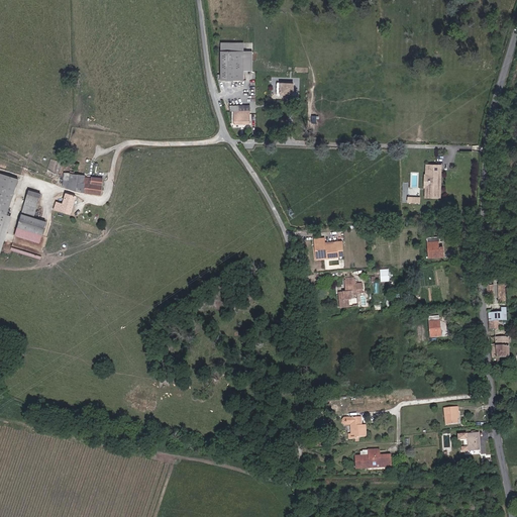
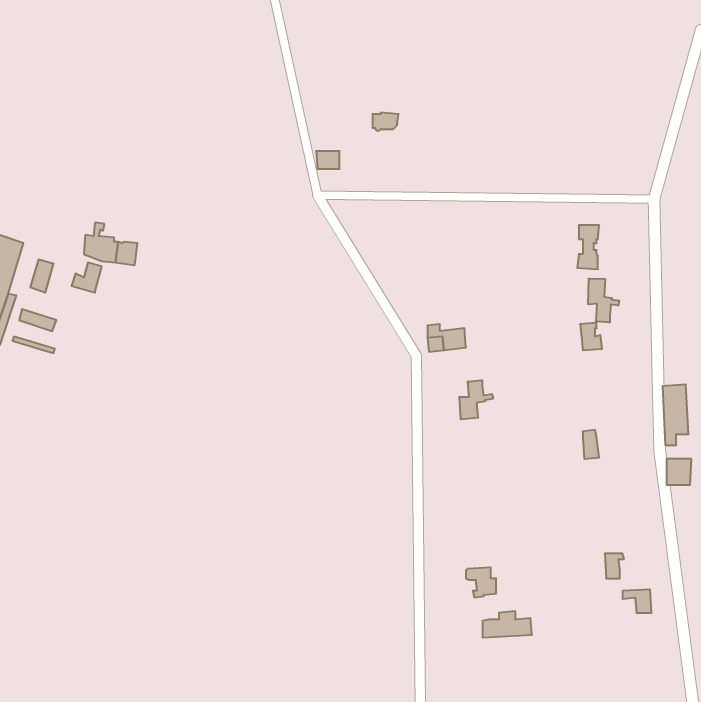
building: [220,51,242,81] -> none
building: none -> [588,278,619,322]
building: [16,214,45,235] -> none

